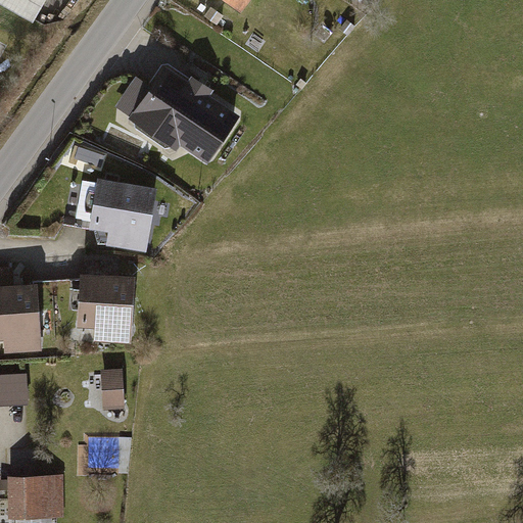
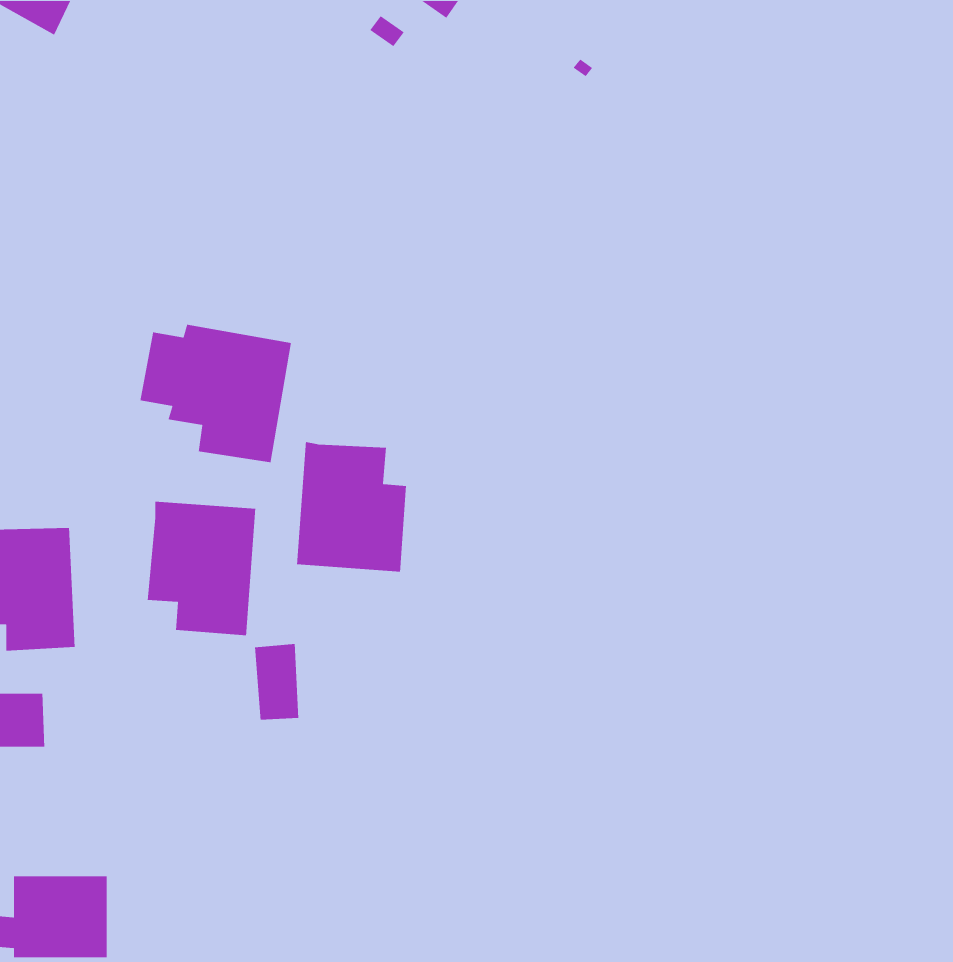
building: [114,56,237,165] -> none
building: none -> [296,441,407,573]
building: [98,369,123,411] -> [254,643,299,720]

